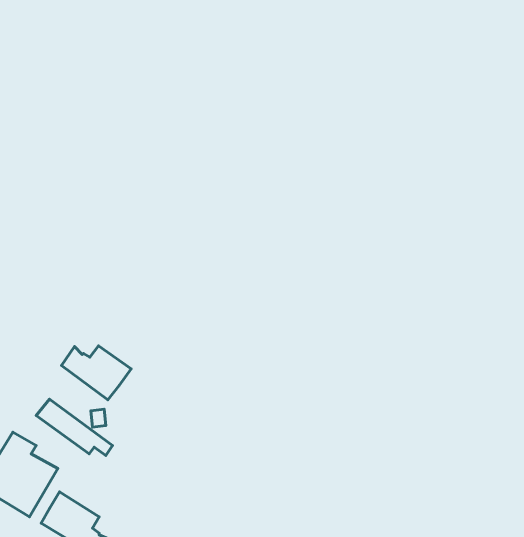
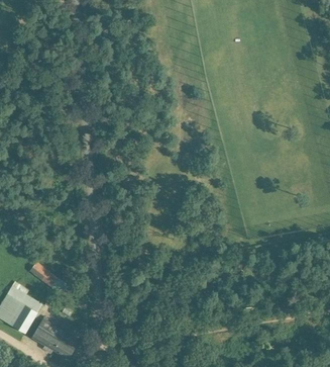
building: [61,346,131,400] -> none

